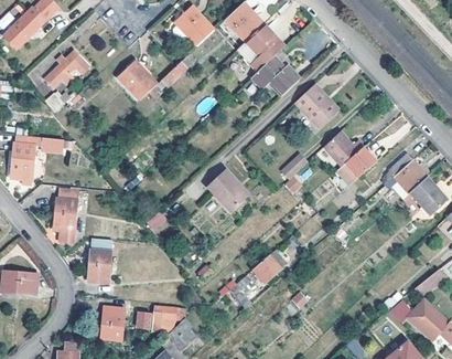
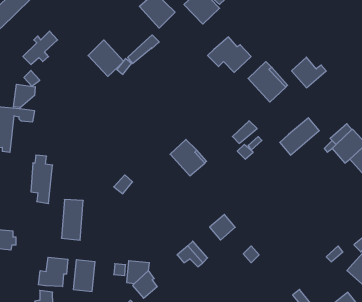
building: [236,24,284,71] -> none
building: none -> [14,84,35,108]
building: [324,131,363,166] -> [292,57,326,88]
building: none -> [38,257,68,287]

